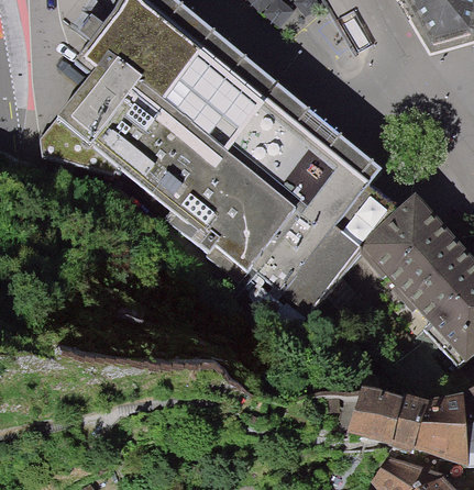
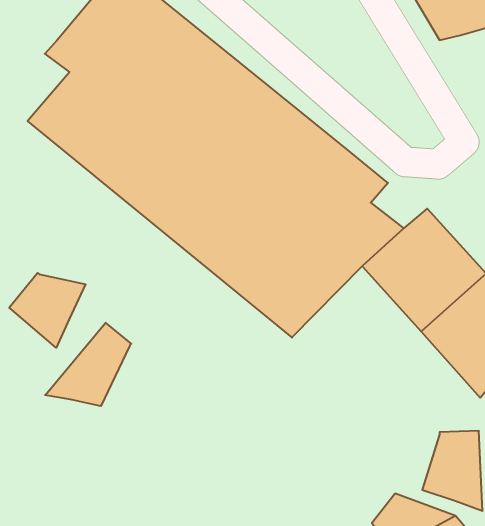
building: none -> [9,273,86,348]
building: none -> [45,323,131,406]
building: [349,389,431,454] -> none

